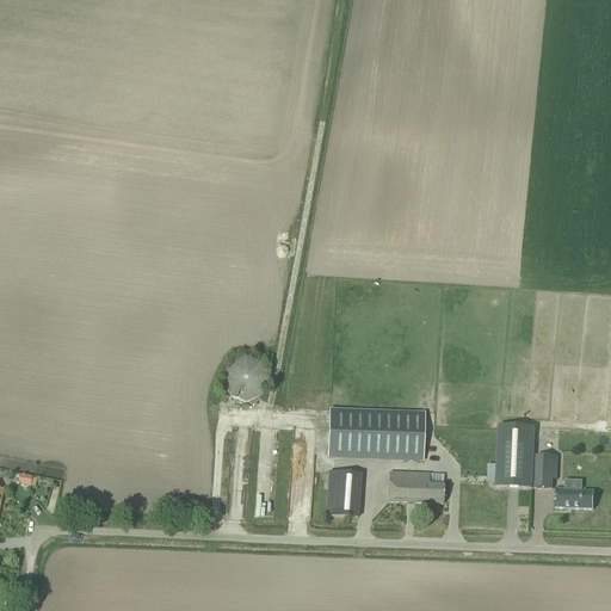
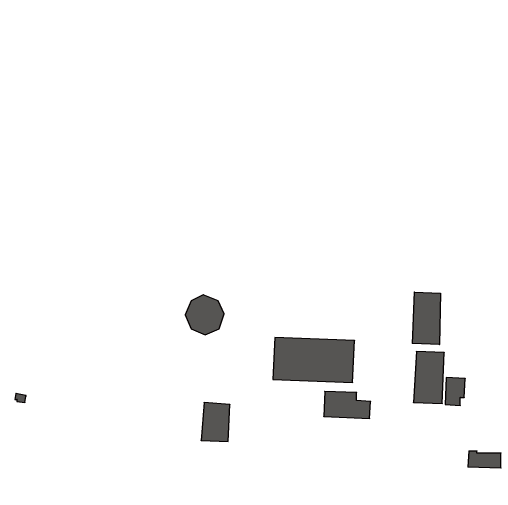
building: none -> [412,292,440,345]
building: [326,468,360,514] -> [201,403,230,441]
building: [555,486,594,506] -> [468,451,501,468]

